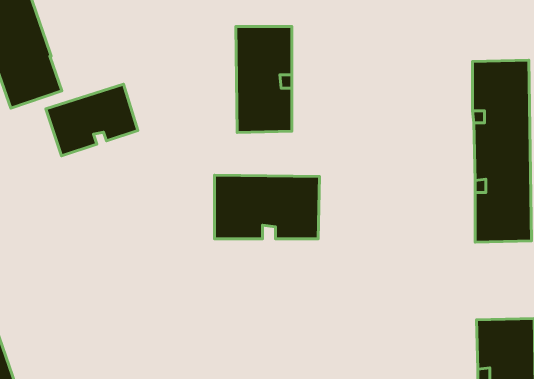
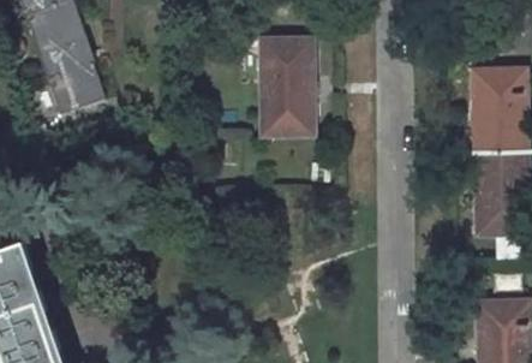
building: [46,84,138,156] -> none
building: [214,175,320,239] -> none

